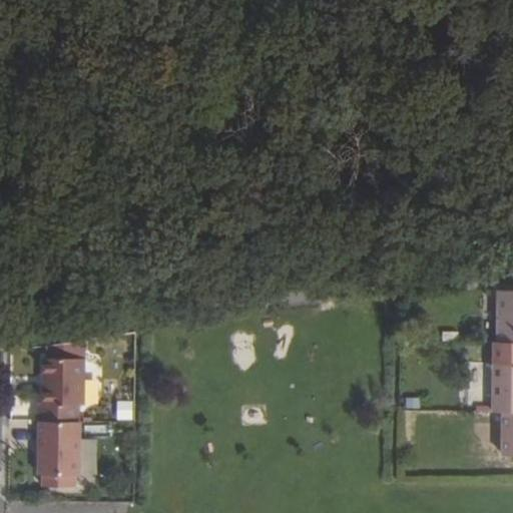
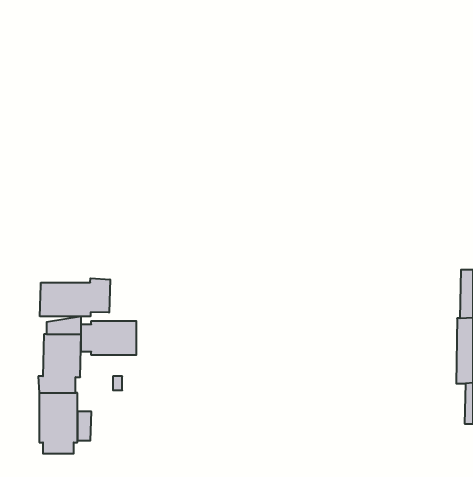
building: none -> [40,278,110,316]
building: none -> [81,321,136,355]

